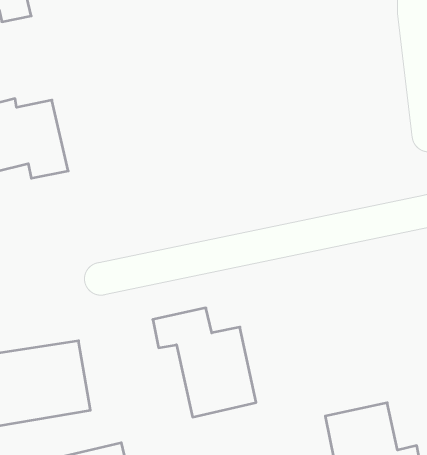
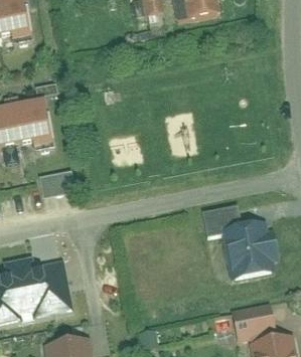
building: none -> [38,168,74,195]
building: [153,308,256,417] -> [203,204,274,279]

